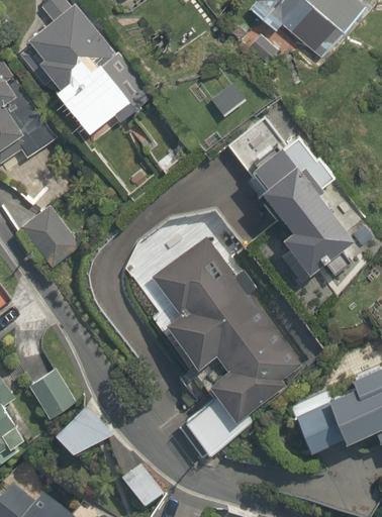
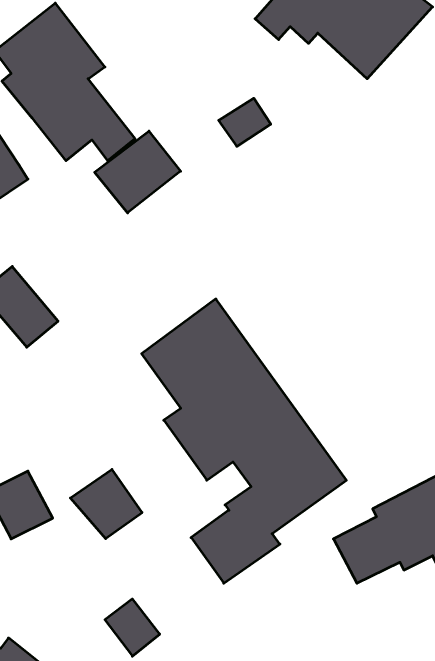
building: none -> [95,131,181,213]
building: [224,114,360,278] -> none
building: [52,407,107,460] -> [70,469,142,539]

